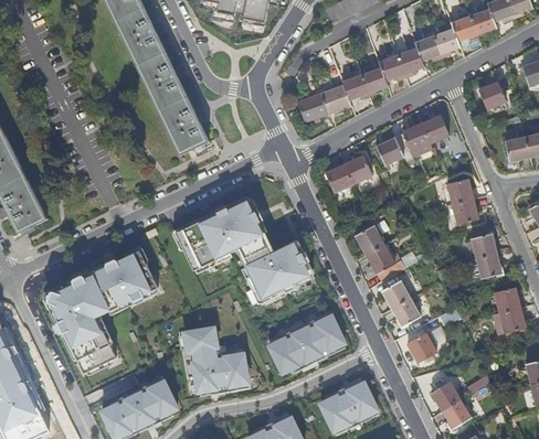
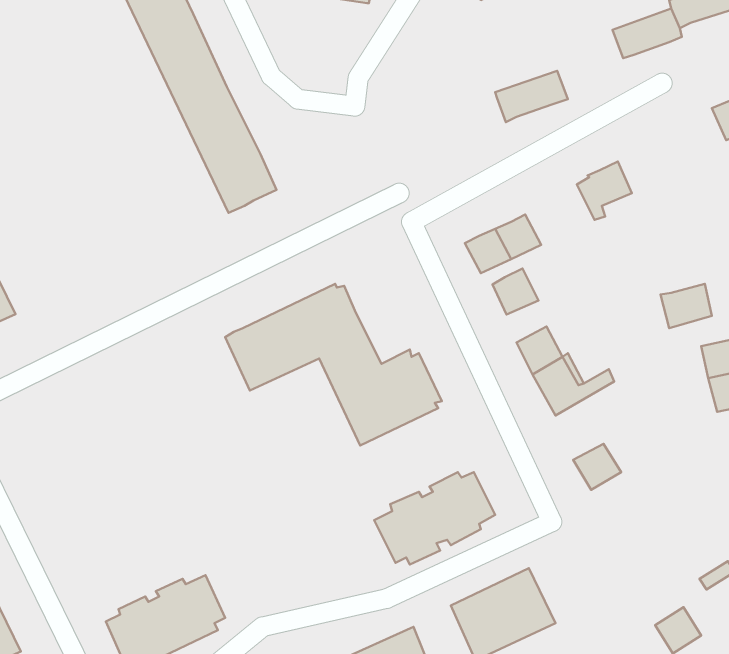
building: [380,47,425,79] -> none
building: [298,84,352,121] -> none
building: [420,115,448,143] -> none
building: [376,138,404,167] -> [492,268,539,315]
building: [447,180,474,205] -> none
building: [47,251,157,374] -> none
building: [381,280,411,309] -> none
building: [182,328,247,393] -> none
building: [408,332,436,362] -> none
building: [431,379,461,411] -> none

